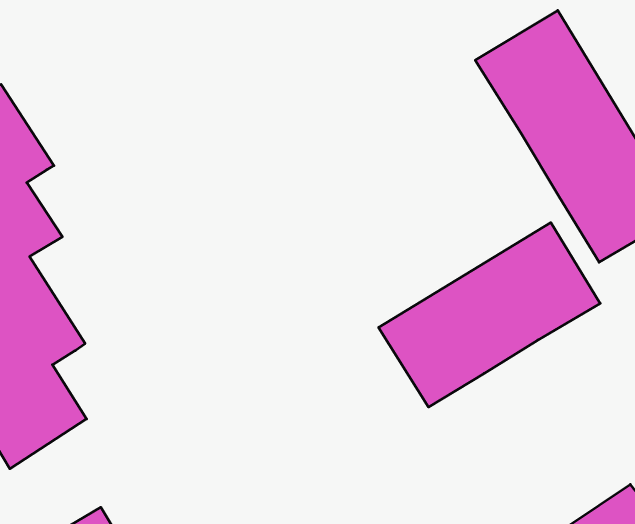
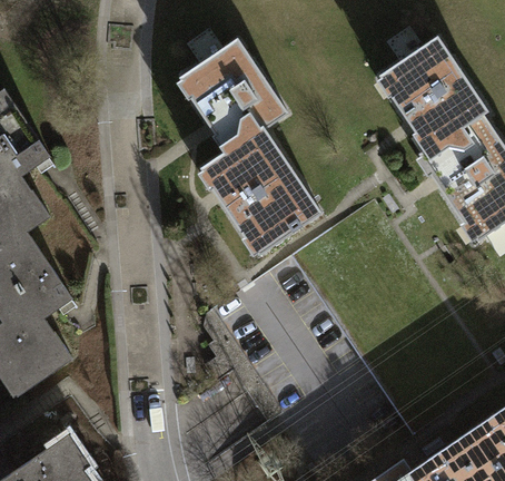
building: none -> [169,40,315,252]
building: [379,223,600,407] -> none

